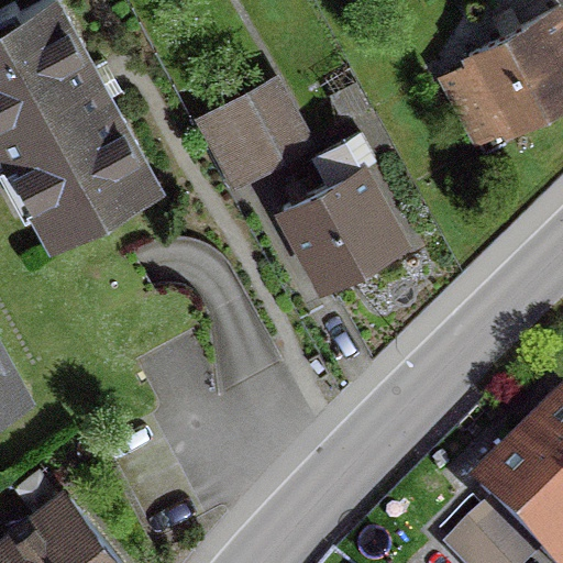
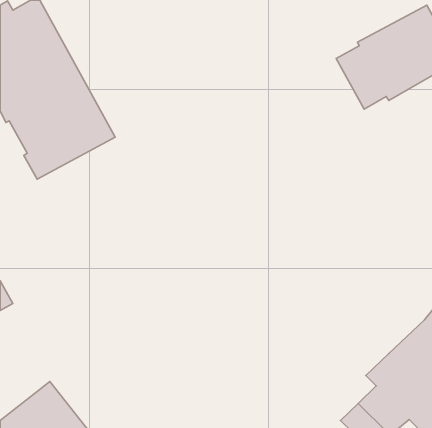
building: [207,84,306,166] -> none
building: [278,135,400,290] -> none

